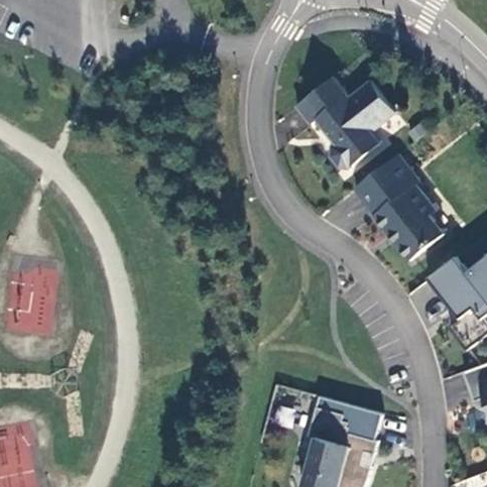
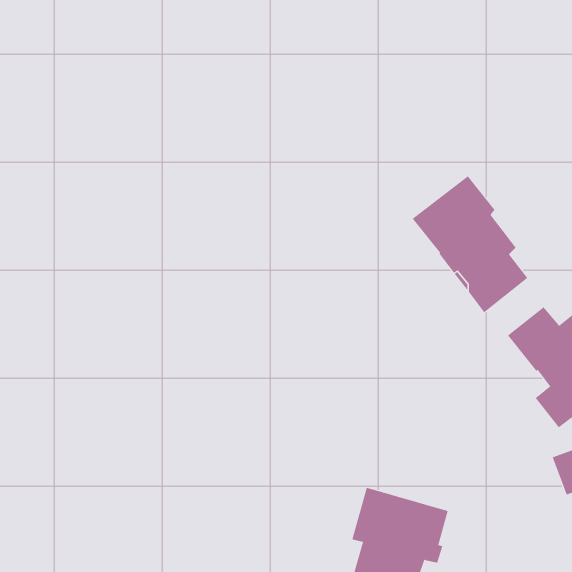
building: [295,76,394,167] -> none

